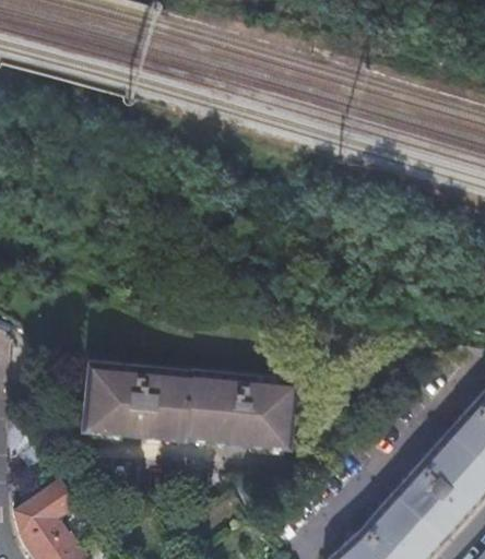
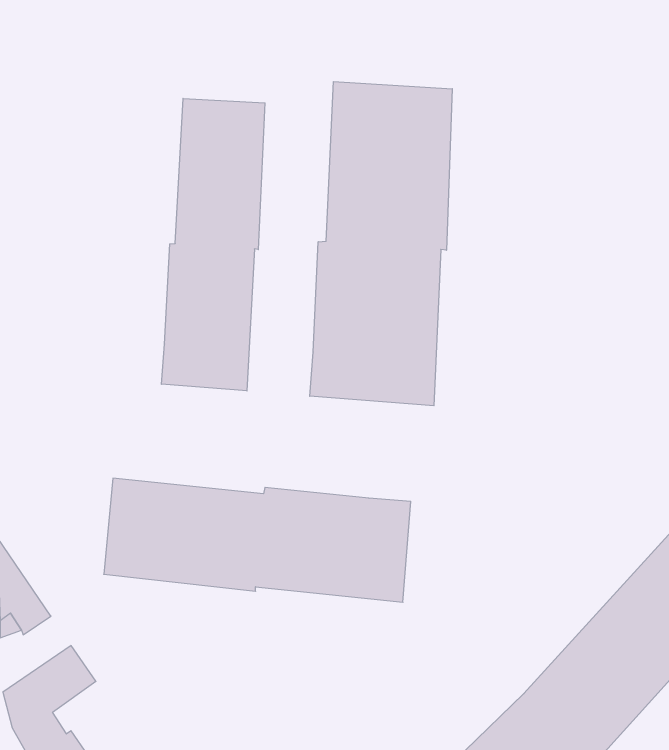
building: none -> [310,82,452,406]
building: none -> [161,98,265,391]

